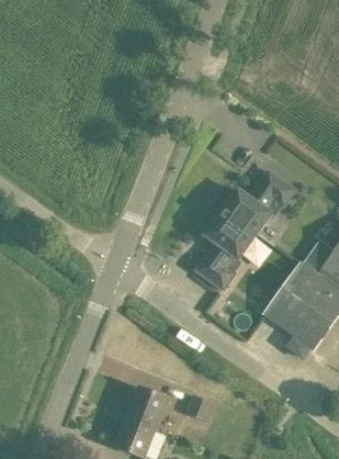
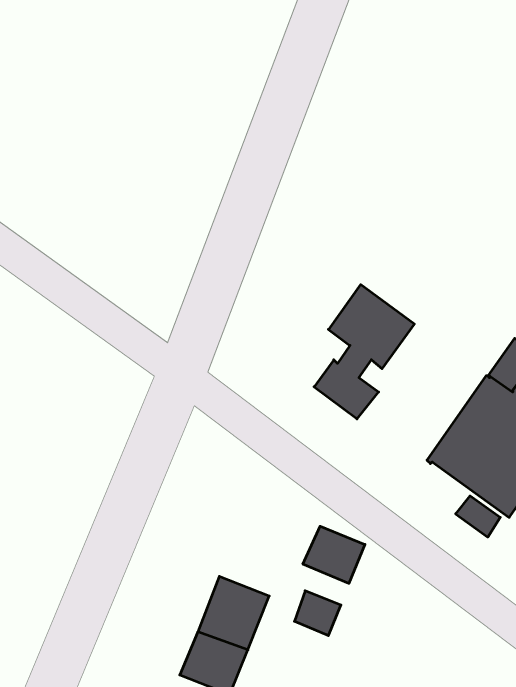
building: [225,168,296,230] -> none
building: none -> [303,526,365,583]

